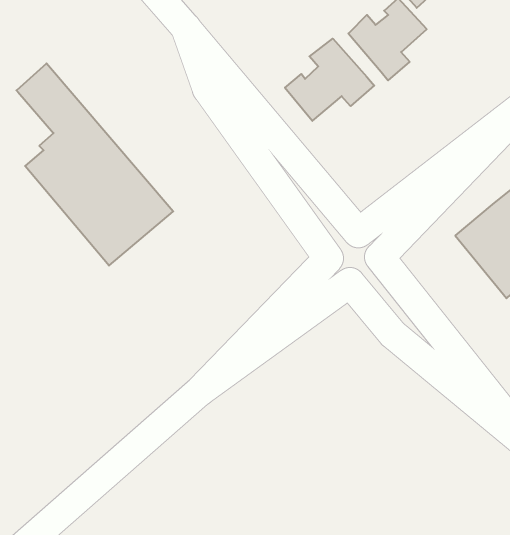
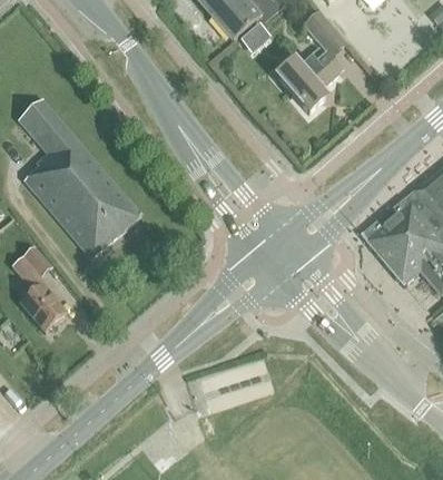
building: [285,39,374,121] -> none
building: none -> [13,246,67,332]

